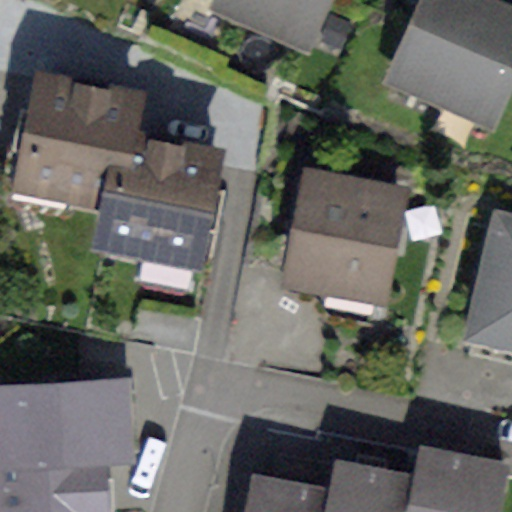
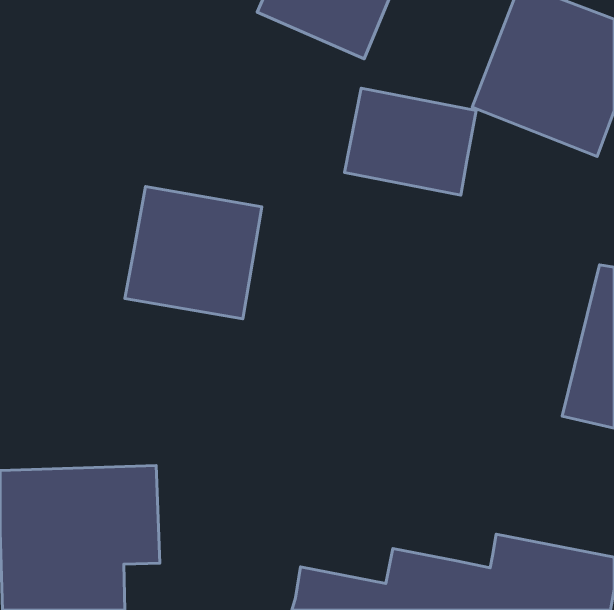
building: none -> [345,88,476,195]
building: [17,90,129,210] -> none
building: [284,180,405,302] -> none

